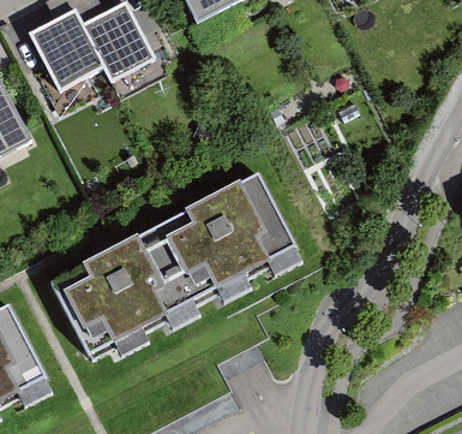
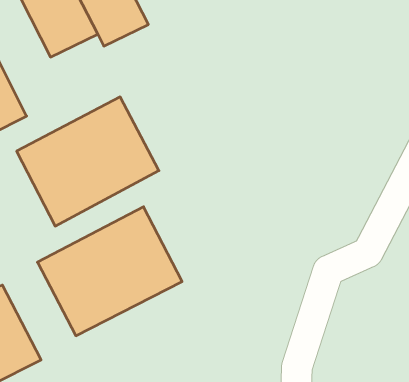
building: [151,183,293,311] -> [17,97,159,226]

